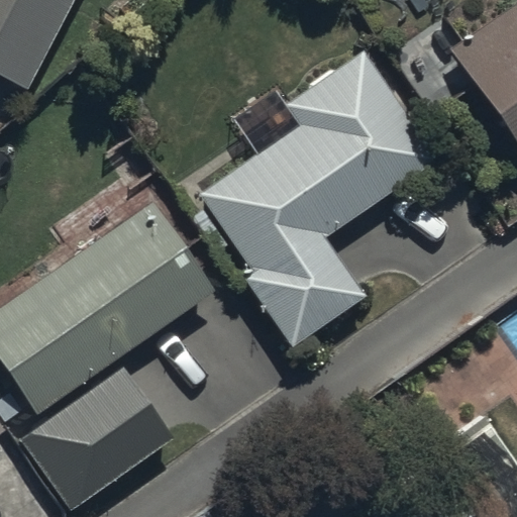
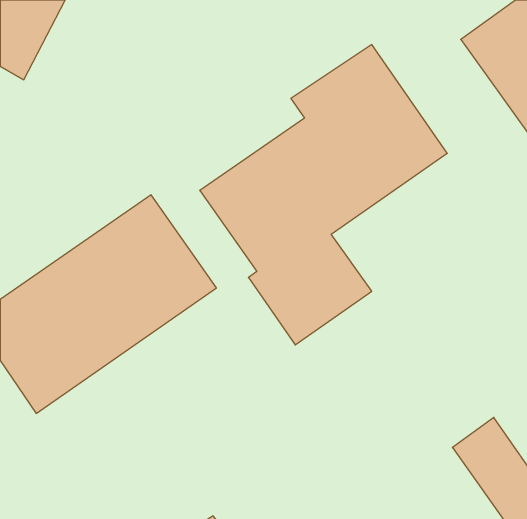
building: [22,367,175,511] -> none

